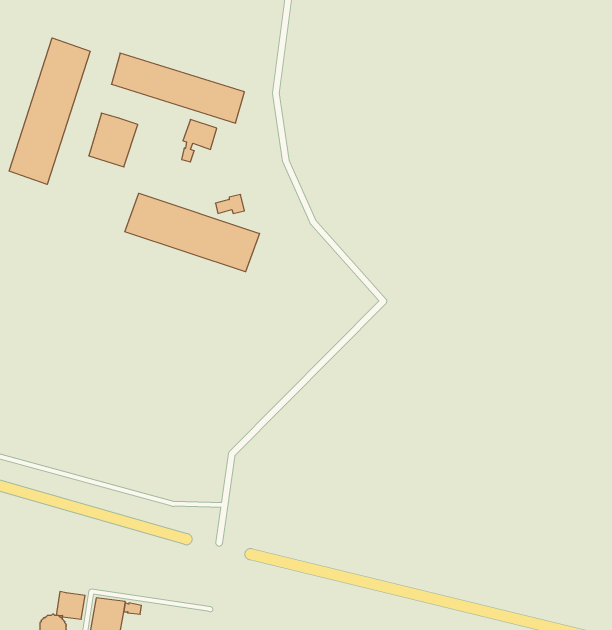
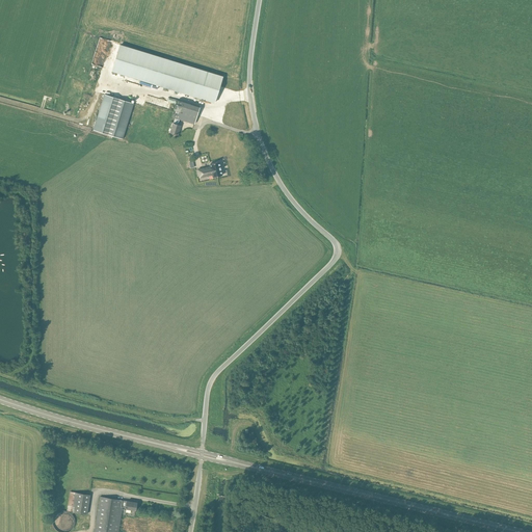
building: [9,38,90,184] -> none
building: [125,193,259,272] -> none

